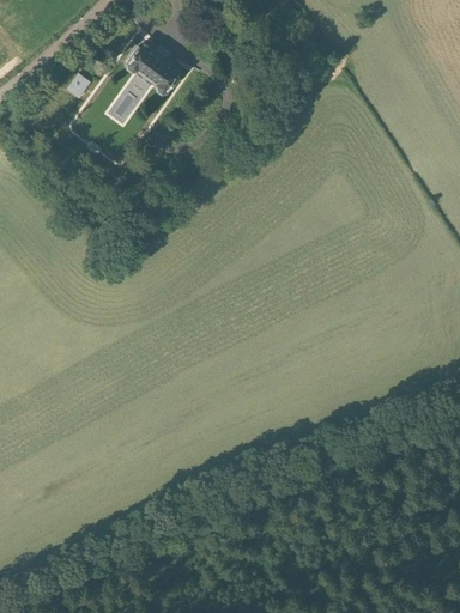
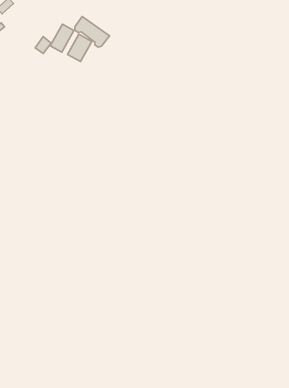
building: none -> [50,24,74,52]

